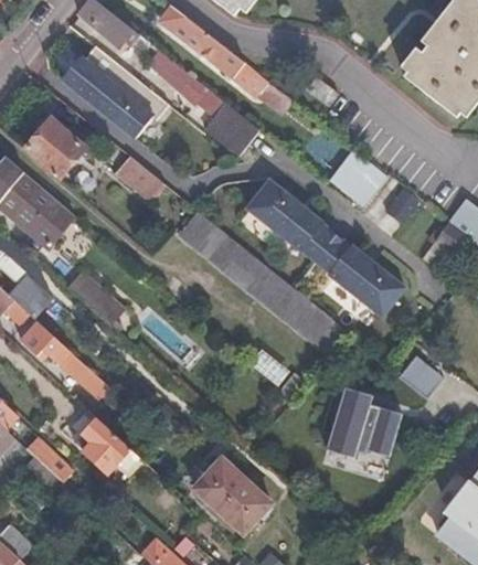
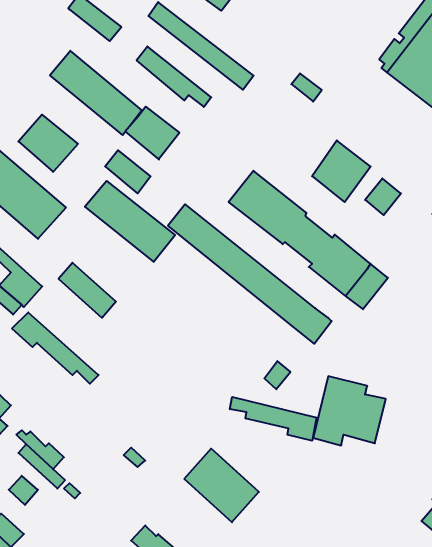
building: [203,103,258,157] -> [125,107,179,160]
building: none -> [85,181,175,262]
building: [400,353,444,396] -> none
building: none -> [230,397,317,441]
building: [76,419,129,472] -> none

